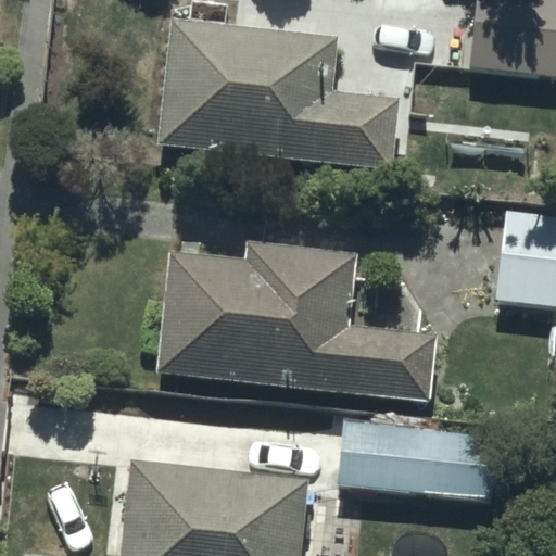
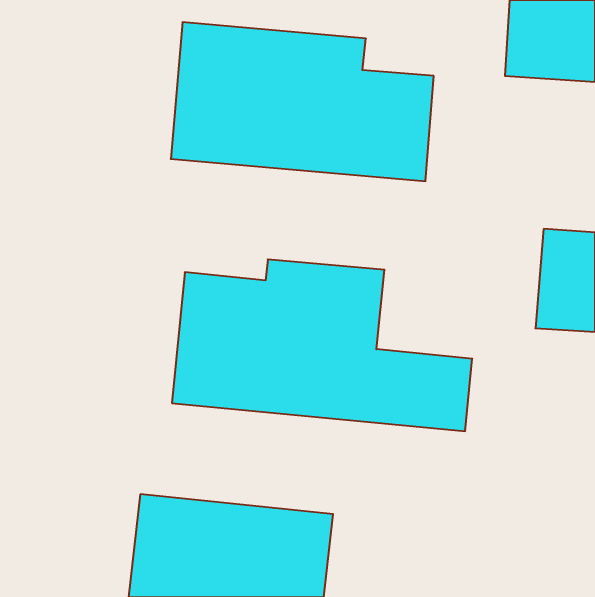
building: [336,421,498,502] -> none

